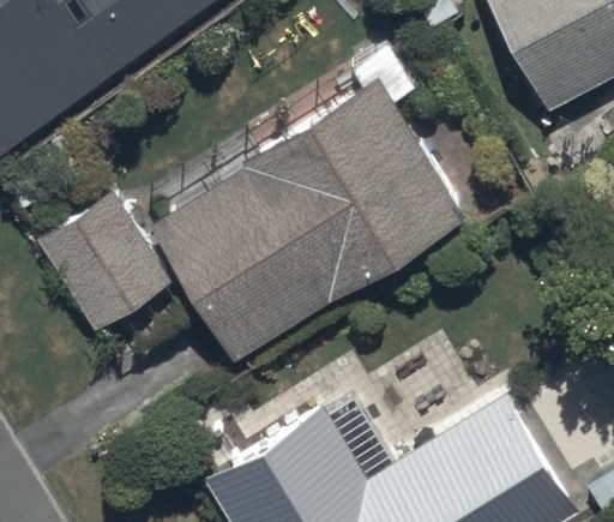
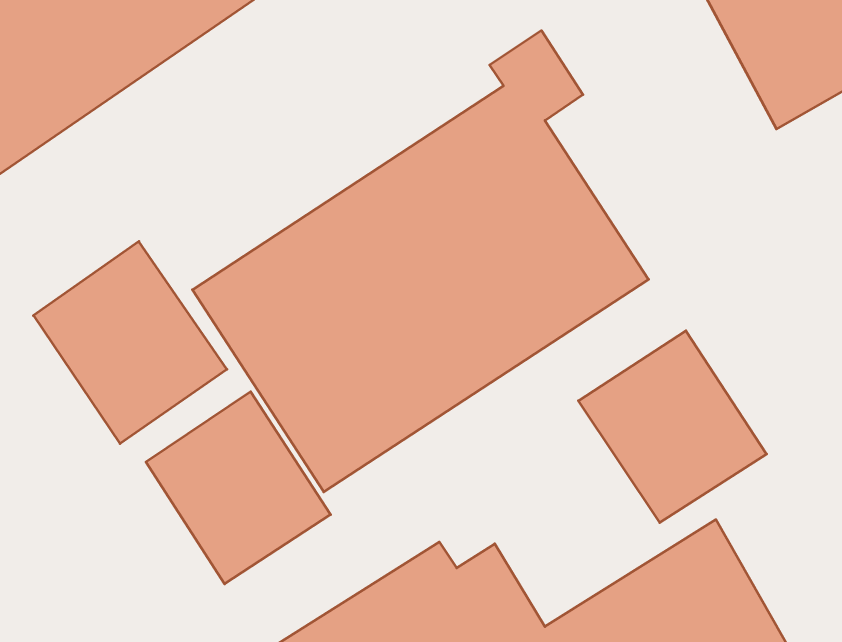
building: none -> [578,331,767,523]
building: none -> [146,392,331,584]

